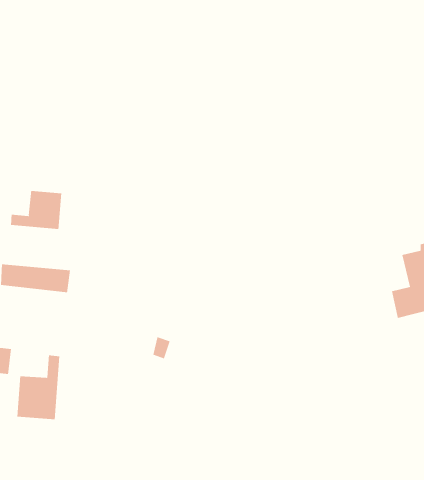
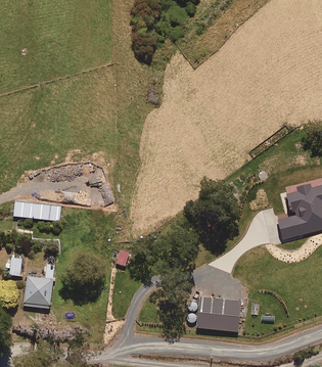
building: [11,190,62,230] -> none
building: none -> [197,297,240,331]

